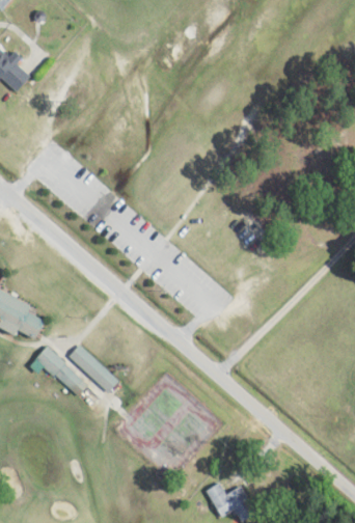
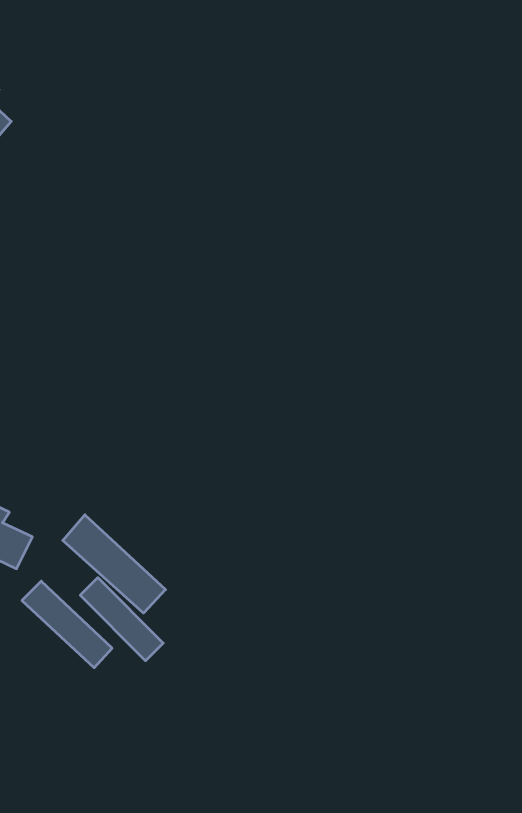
building: none -> [63,515,166,613]

